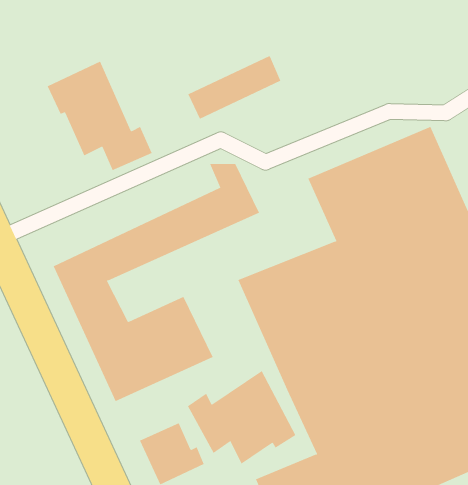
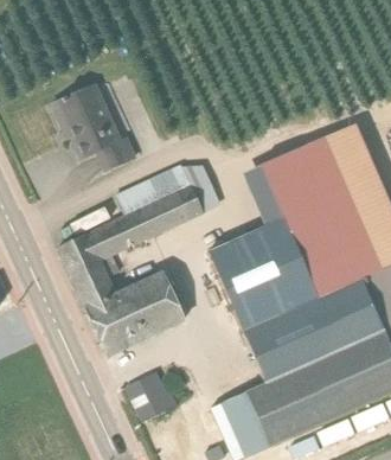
building: [188,55,281,119] -> [113,162,187,213]
building: [187,370,296,464] -> none

